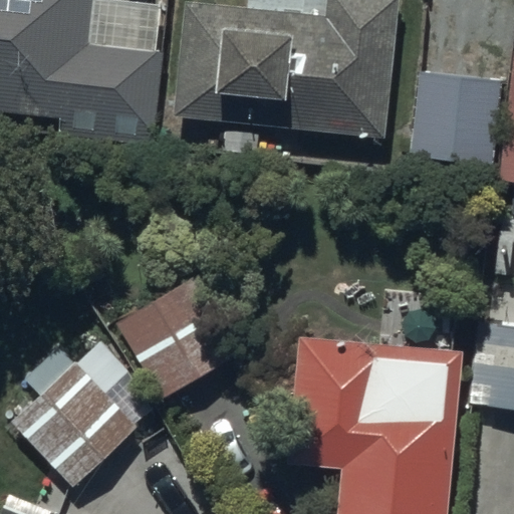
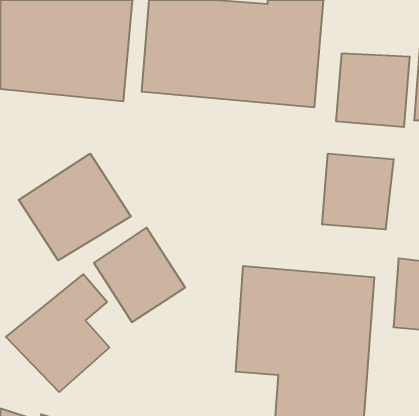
building: none -> [19,154,131,260]
building: none -> [322,154,394,230]

